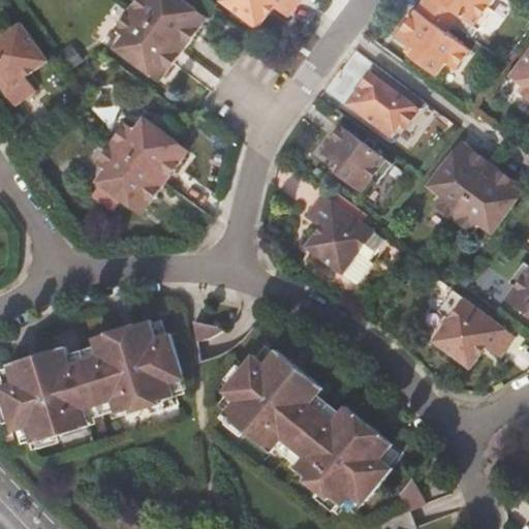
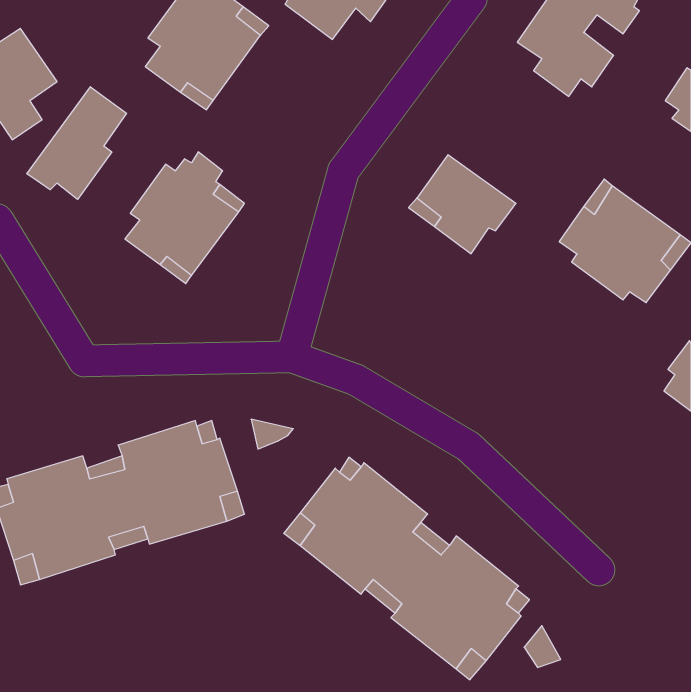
building: none -> [27,87,127,199]
building: [346,72,415,138] -> none
building: [302,193,381,283] -> none
building: [432,287,516,367] -> none

